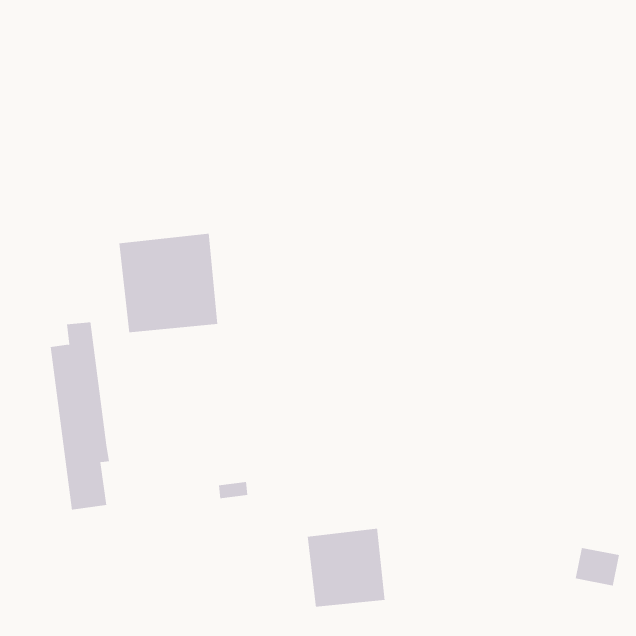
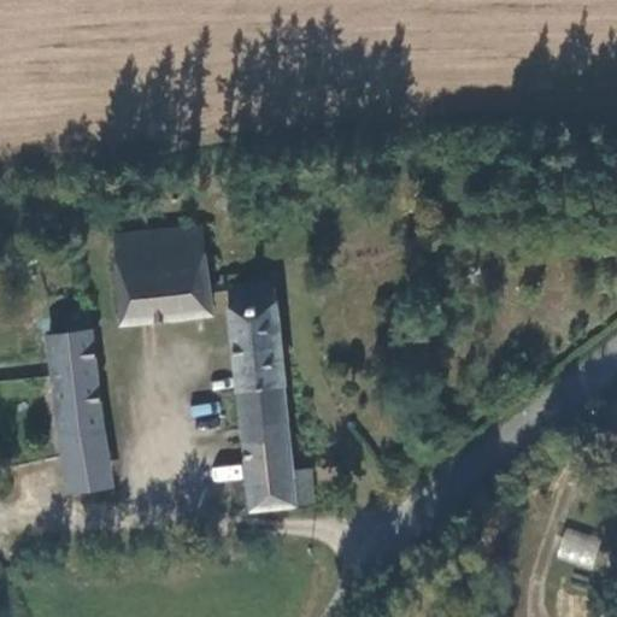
building: none -> [229,282,311,510]
building: [307,528,385,608] -> none

